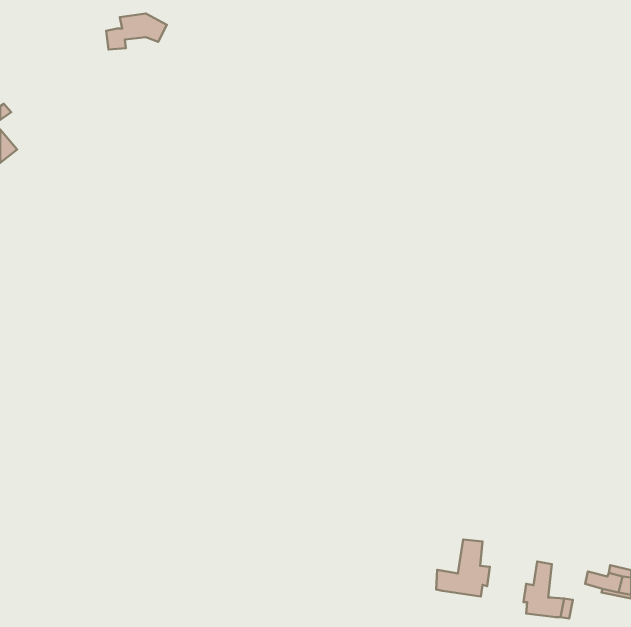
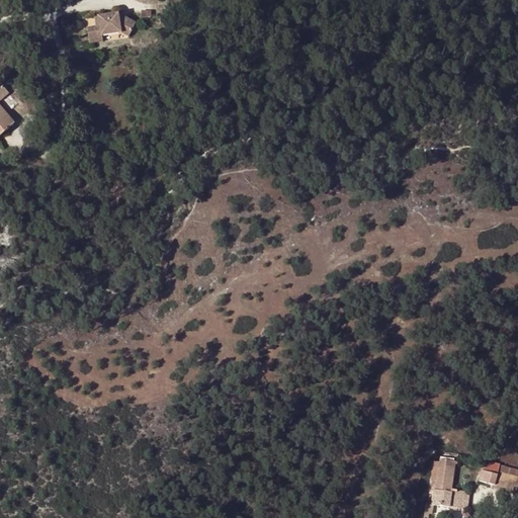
building: [436,539,490,596] -> none

